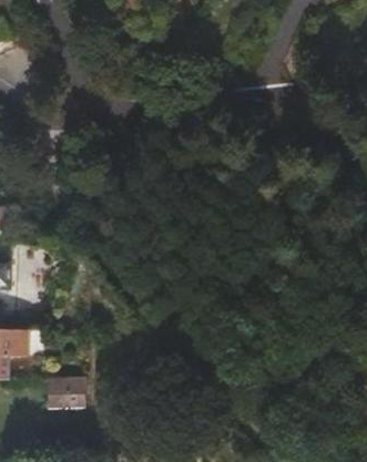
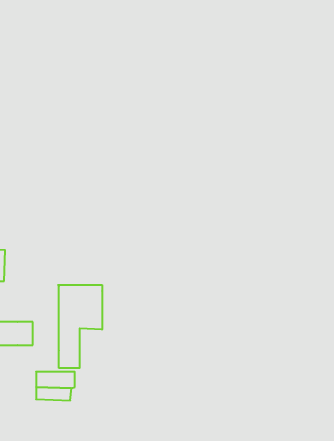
building: none -> [58,285,102,368]

